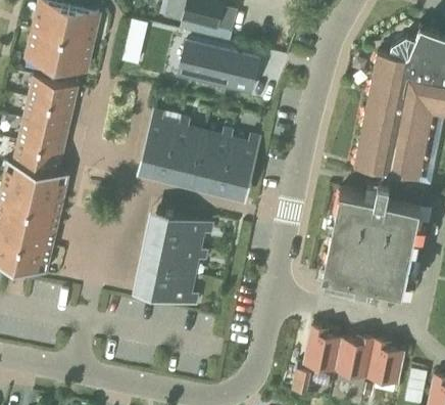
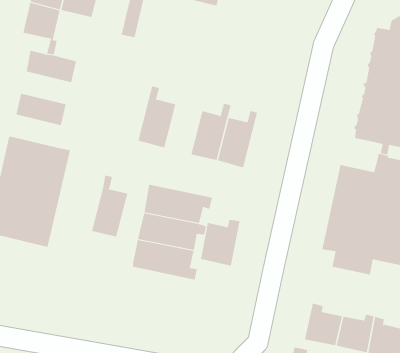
building: [55,37,94,84] -> none
building: [178,44,258,94] -> none
building: [22,98,73,131] -> none
building: [166,119,203,181] -> [91,175,128,237]
building: [12,141,63,174] -> none
building: none -> [201,219,240,267]

